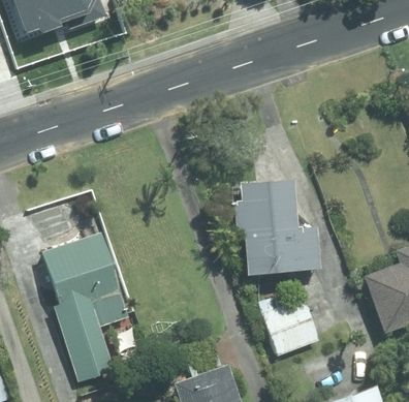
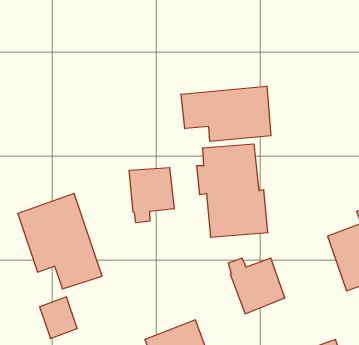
building: none -> [181,86,271,141]
building: none -> [129,167,174,223]

